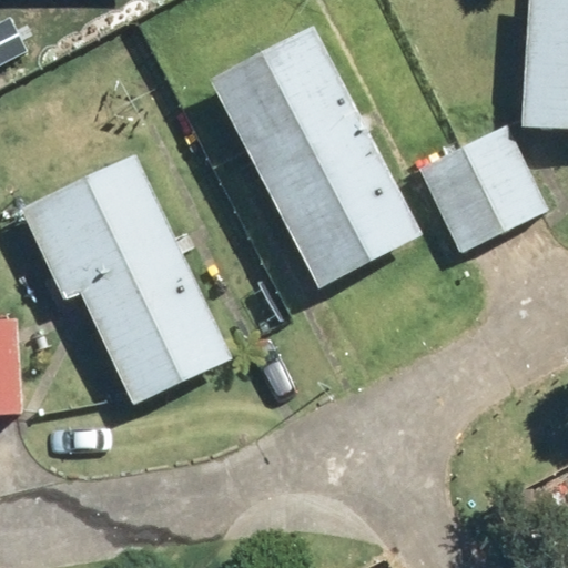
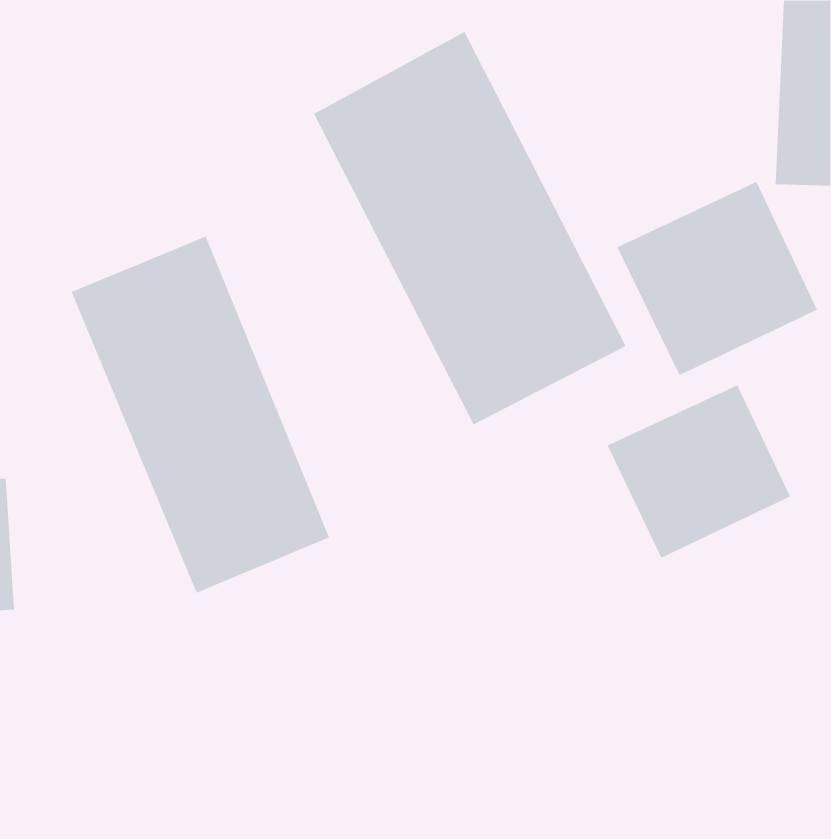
building: none -> [607,384,791,558]

